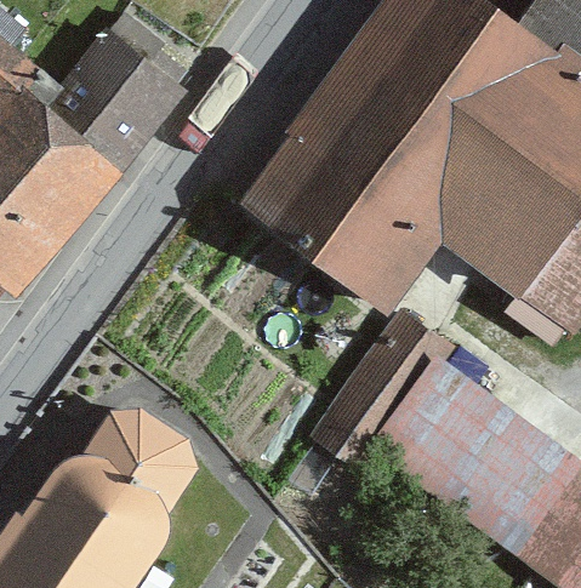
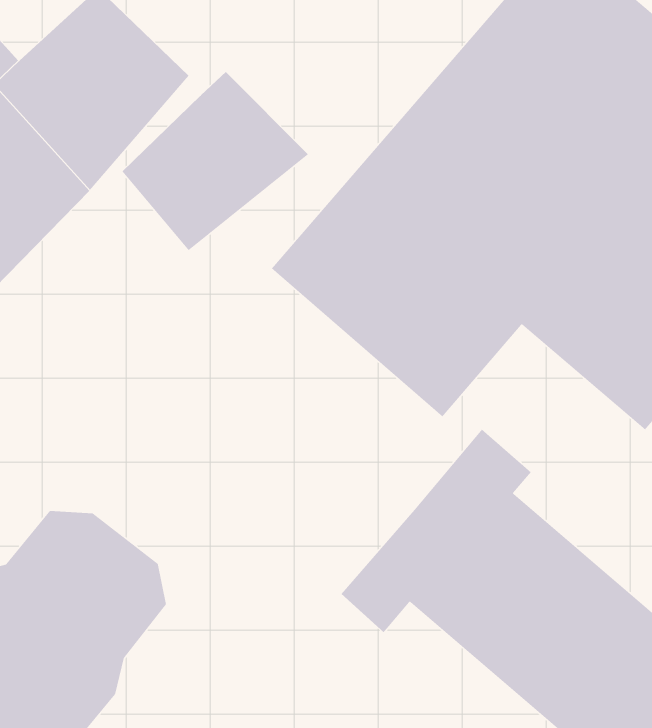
building: none -> [121,71,309,251]

